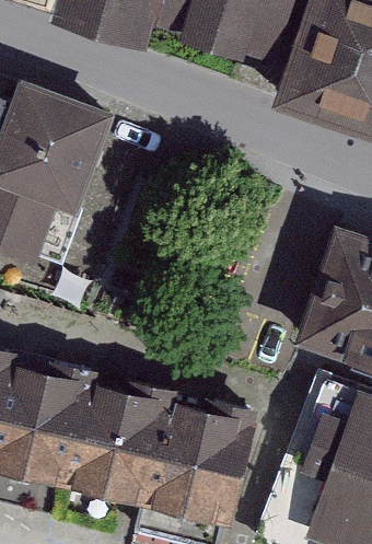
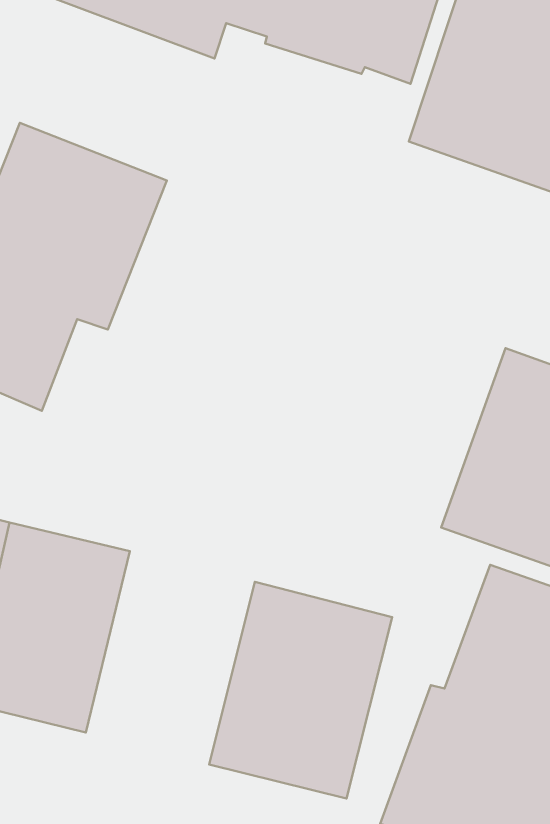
building: [62,366,172,504] -> none

